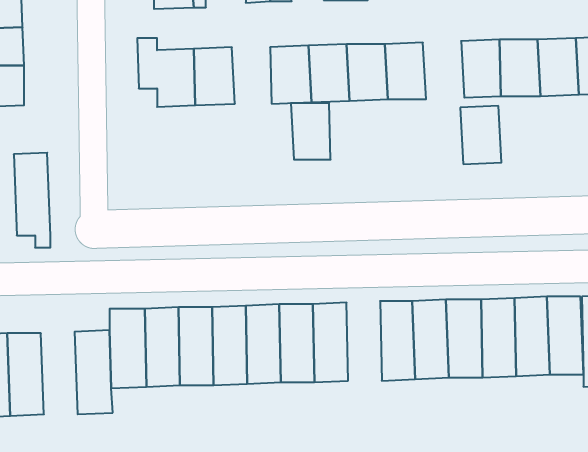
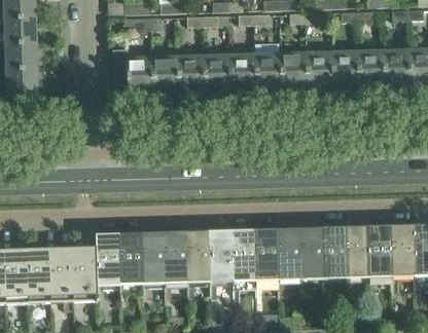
building: [291,103,331,160] -> [177,57,204,95]
building: [460,106,501,164] -> [306,52,333,91]
building: [14,153,50,248] -> [48,248,73,311]
building: none -> [254,227,278,281]

